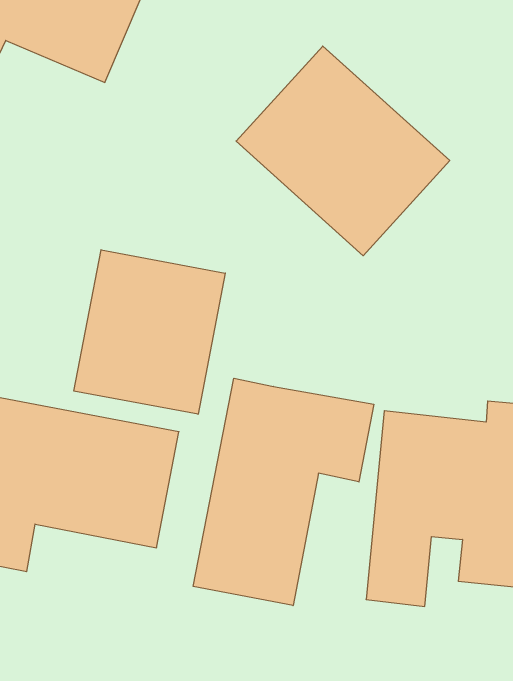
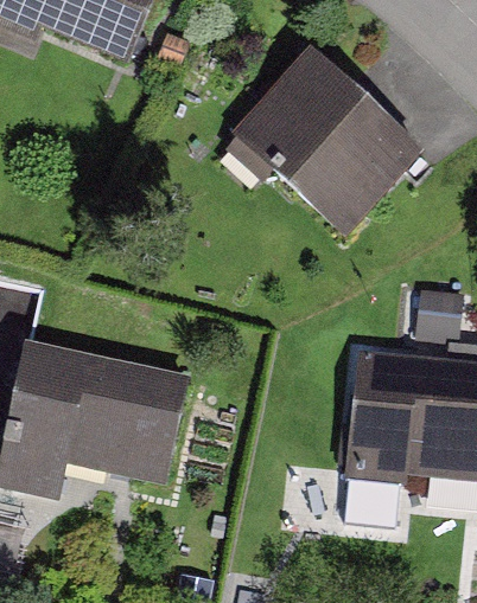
building: [74,250,225,414] -> none
building: [193,378,374,606] -> none

